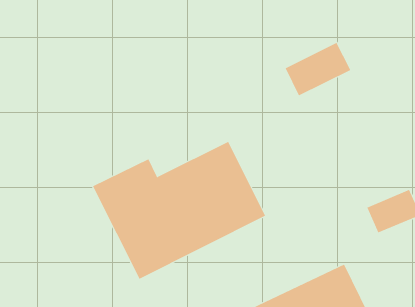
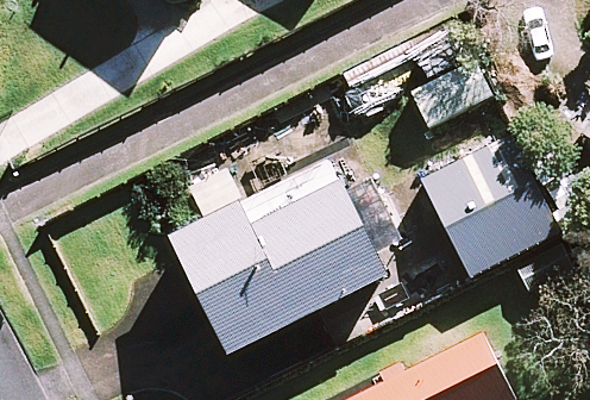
building: none -> [420,132,558,275]

